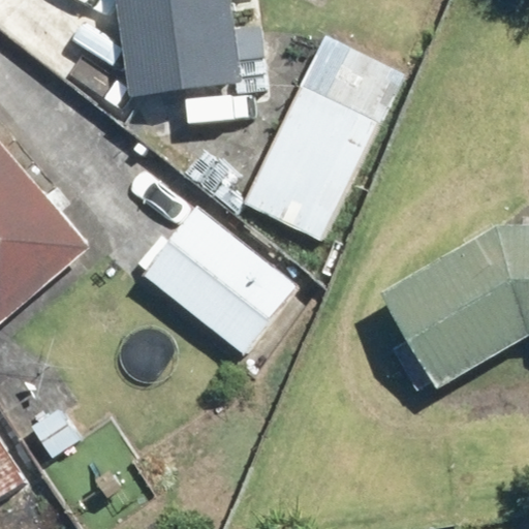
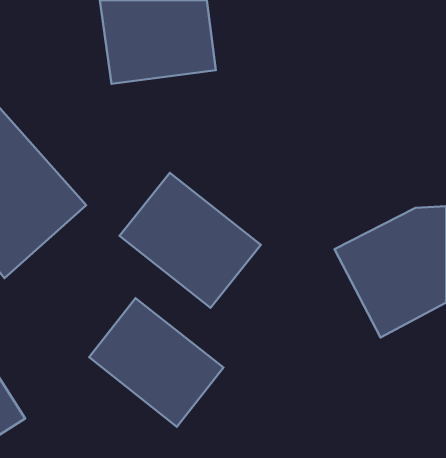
building: [240,32,401,242] -> none
building: none -> [89,298,223,427]

